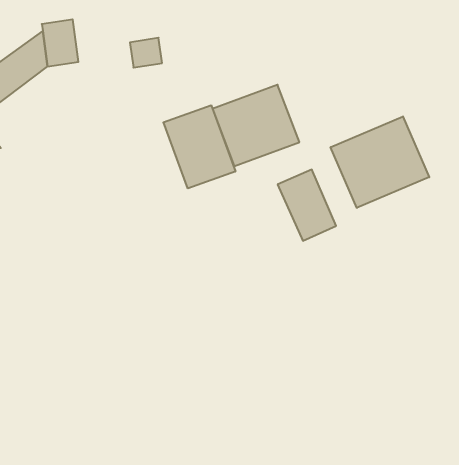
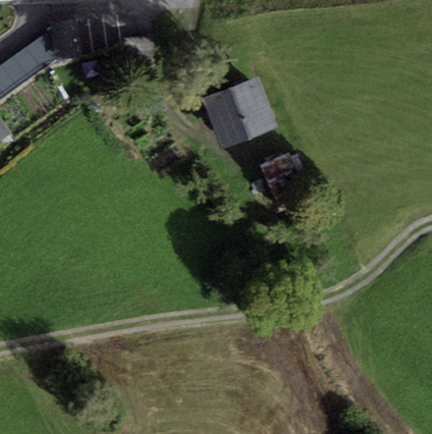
building: [163,105,235,188] -> none
building: [331,116,429,208] -> none

